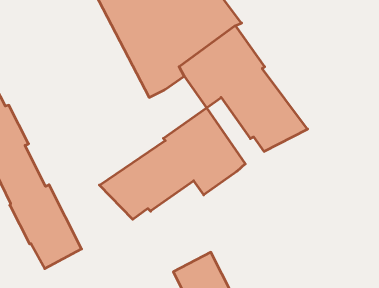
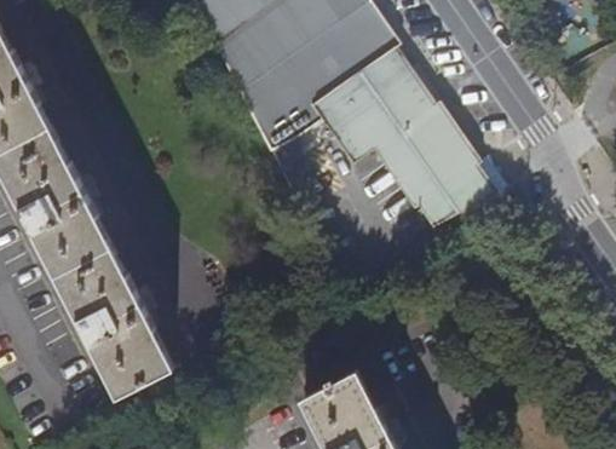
building: [99,108,245,219] -> none

